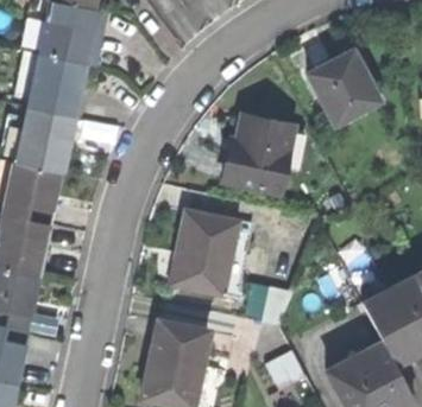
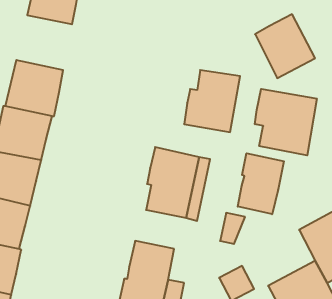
building: [24,51,90,116] -> none
building: none -> [255,89,317,155]
building: none -> [238,153,284,214]

